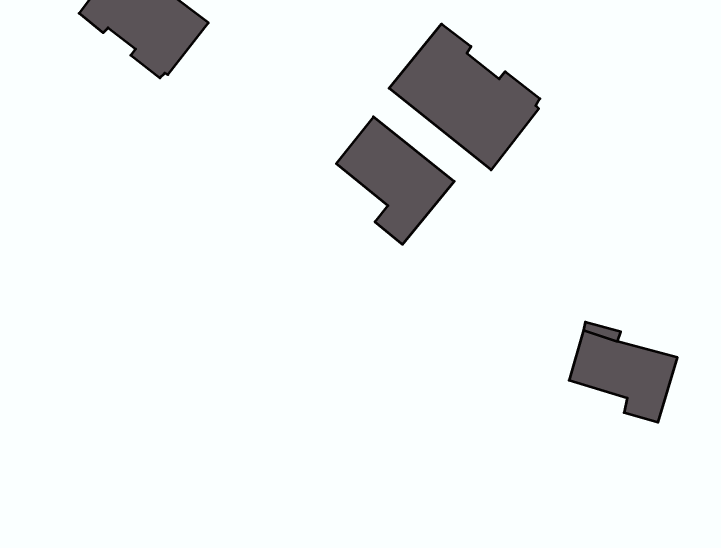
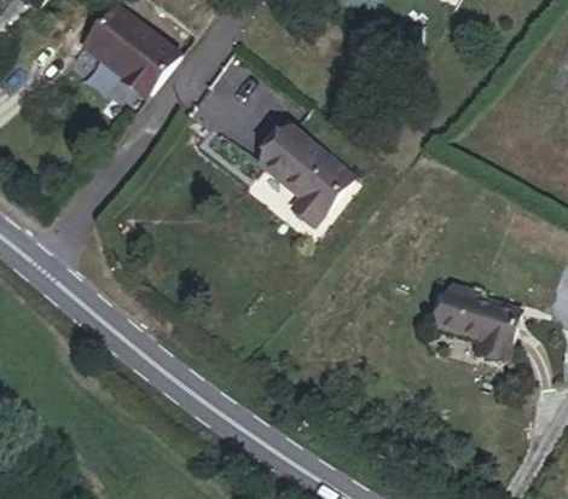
building: [389,24,540,170] -> none

